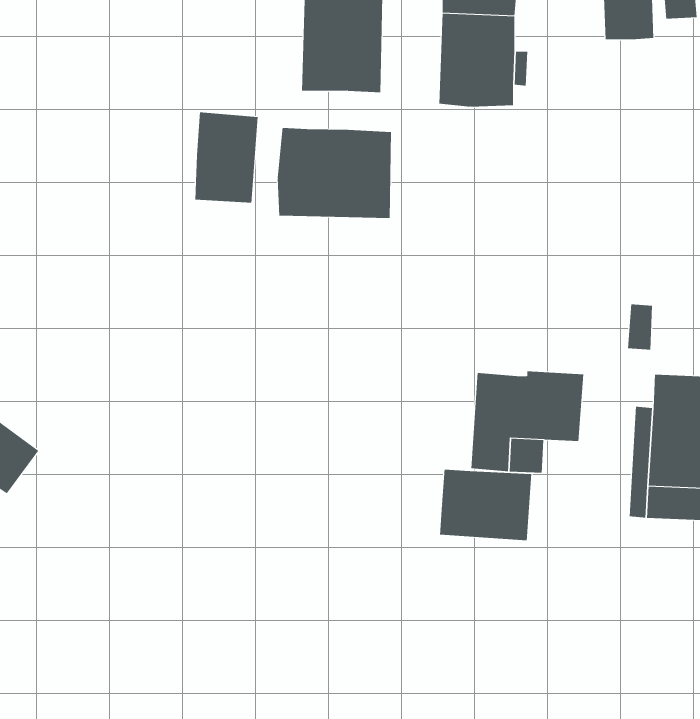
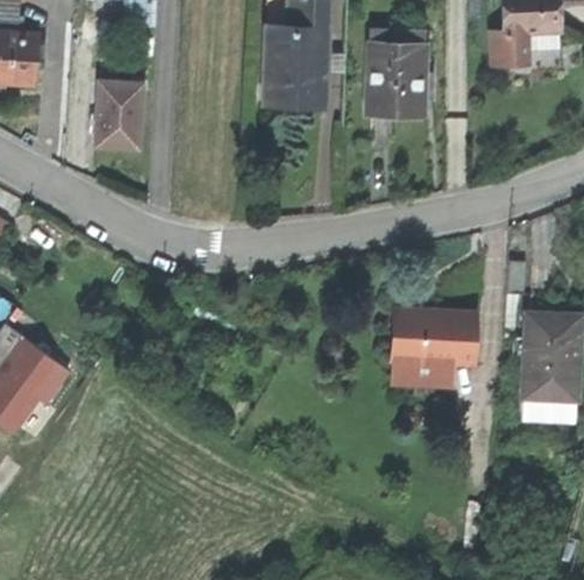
building: [195,112,258,203] -> [98,81,145,149]
building: [277,127,391,219] -> none
building: [440,469,532,541] -> none

